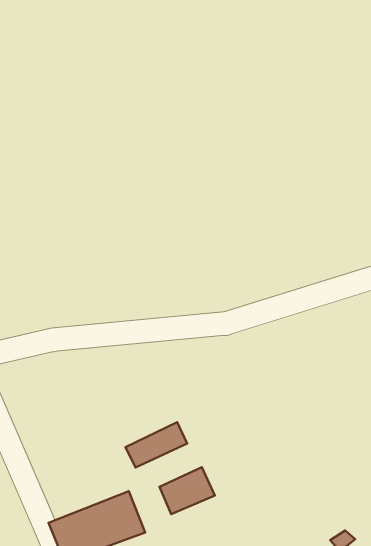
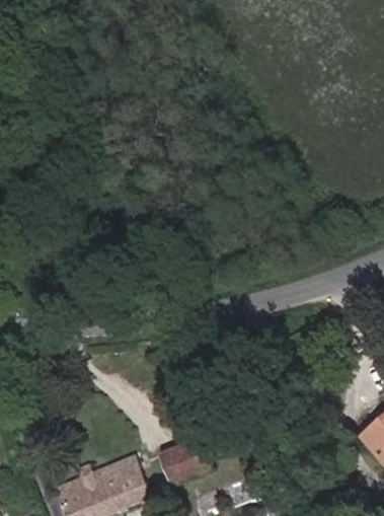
building: [125,422,187,467] -> none

